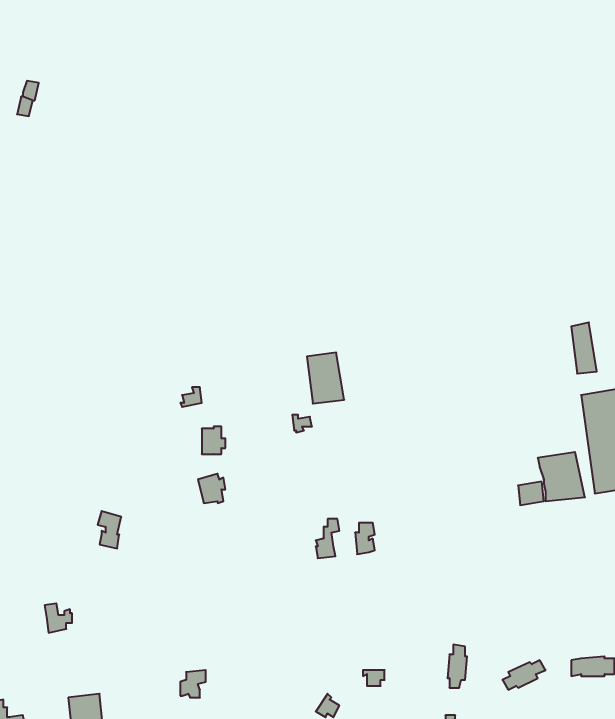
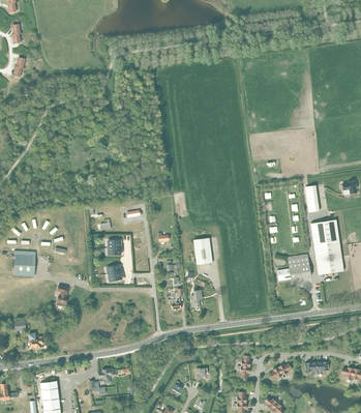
building: [307,353,344,404] -> [192,238,212,265]
building: none -> [12,255,34,276]

